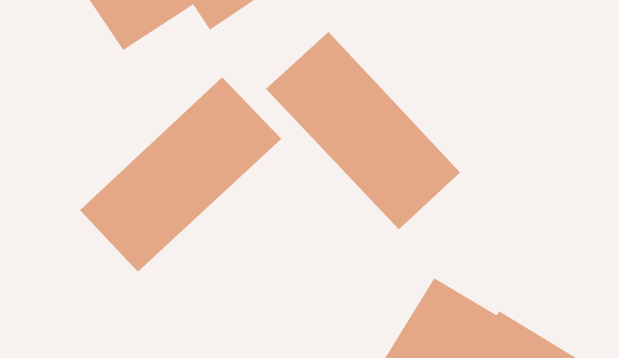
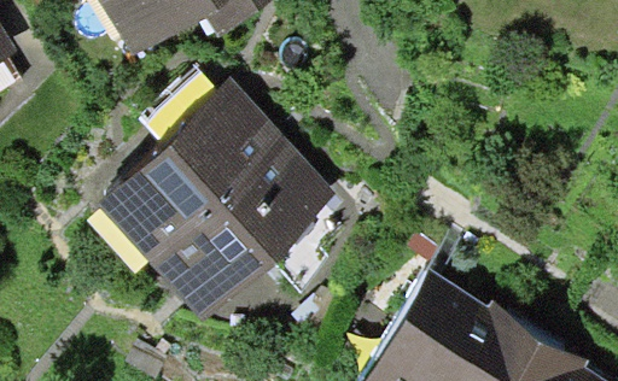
building: [265,31,461,230] -> none
building: none -> [151,137,339,320]

